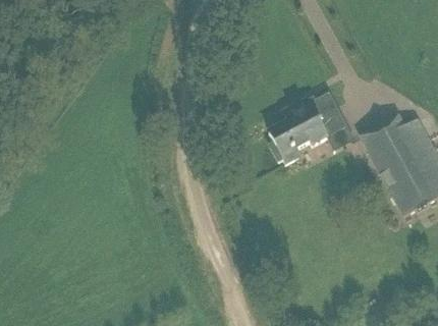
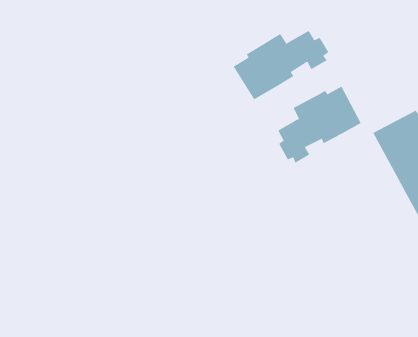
building: none -> [233,30,329,100]

